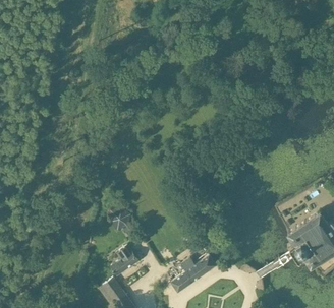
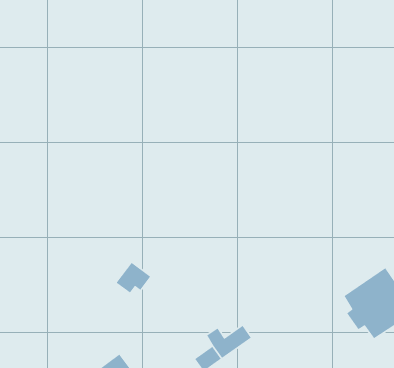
building: [112,245,140,275] -> none

